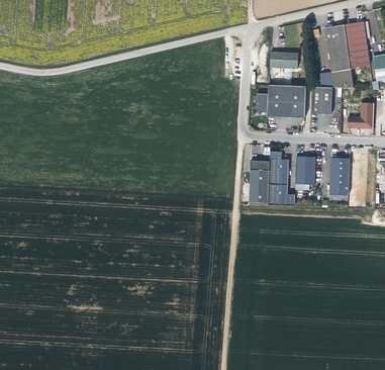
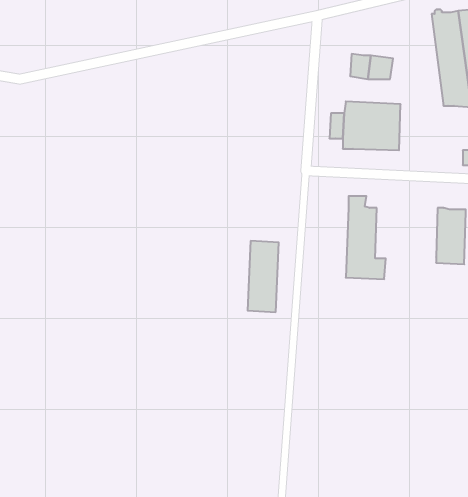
building: [311,87,332,115] -> none
building: [249,157,270,205] -> [248,241,279,312]
building: [295,159,315,185] -> none

